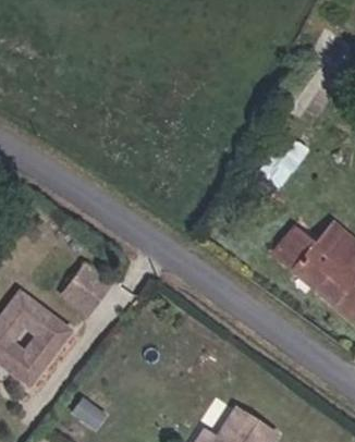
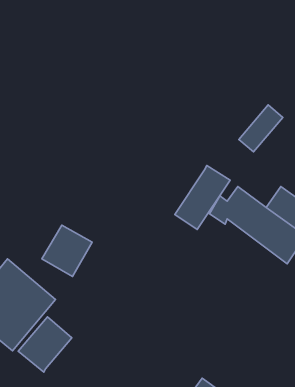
building: none -> [175,165,230,230]
building: none -> [18,317,72,372]

